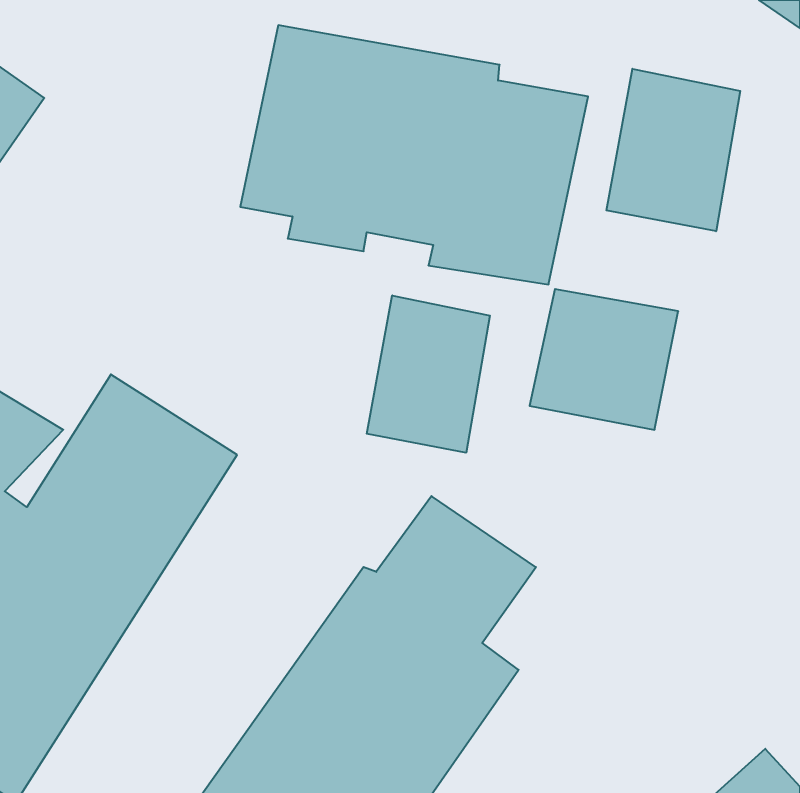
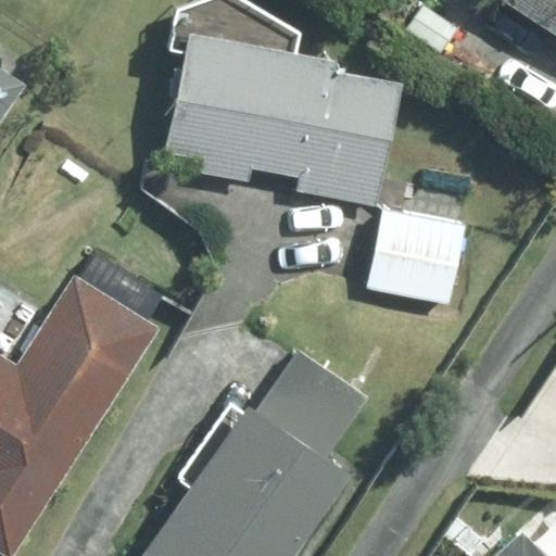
building: [606,69,740,231] -> none
building: [367,295,490,453] -> none

